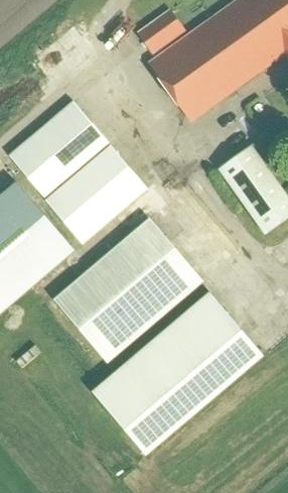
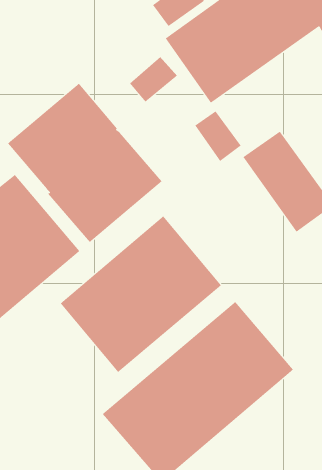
building: none -> [129,56,178,103]
building: none -> [195,110,241,162]

